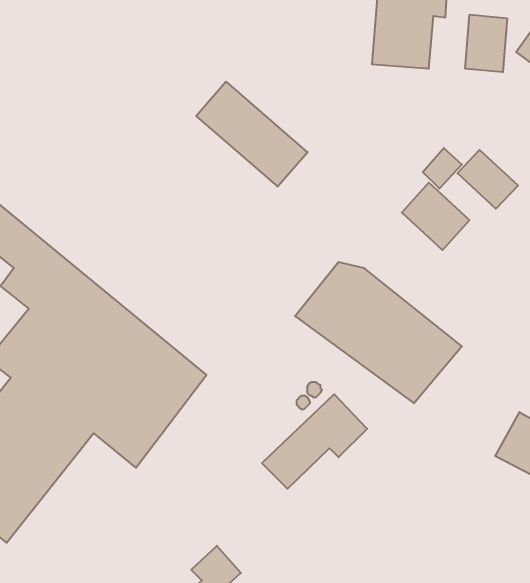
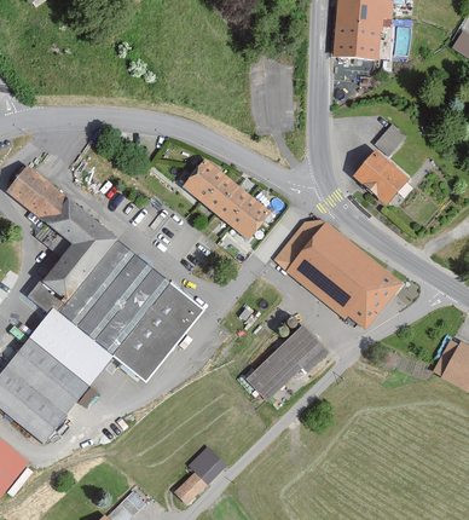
building: [465,15,507,72] -> none
building: [196,82,308,187] -> [178,158,267,243]
building: [457,150,518,209] -> none

